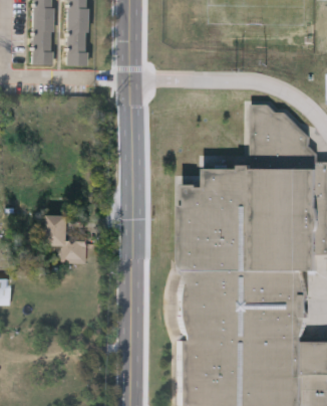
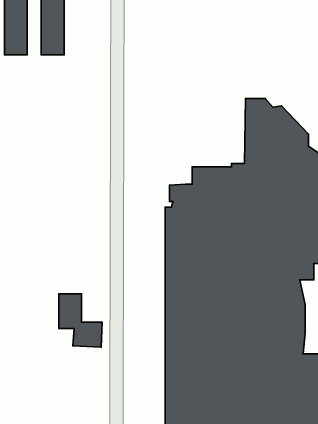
building: [48,212,88,261] -> [59,294,102,347]

